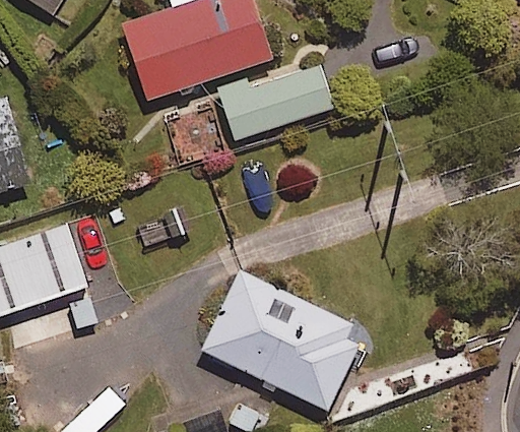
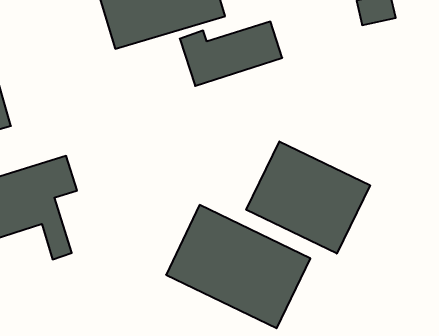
building: none -> [246,141,370,254]

